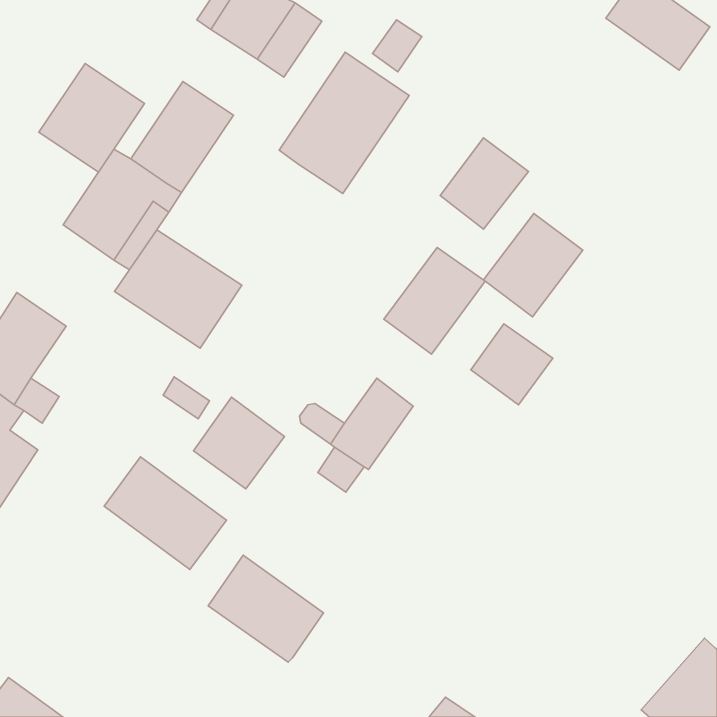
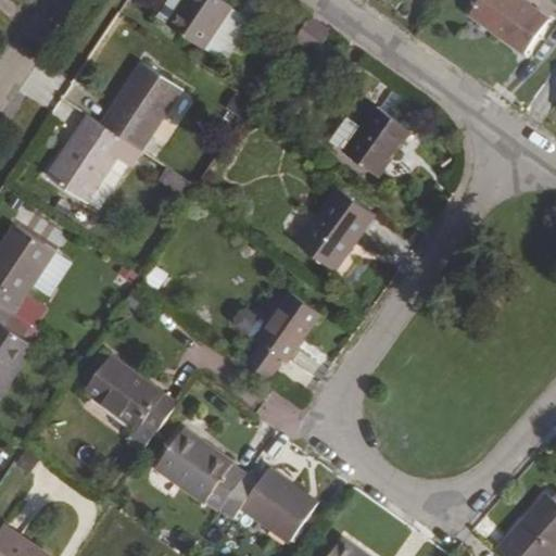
building: [279,52,409,194] -> none
building: [39,63,145,172] -> none
building: [483,213,583,317] -> none
building: [115,230,242,348] -> none
building: [471,324,553,405] -> none
building: [194,397,285,489] -> none
building: none -> [226,469,320,542]

